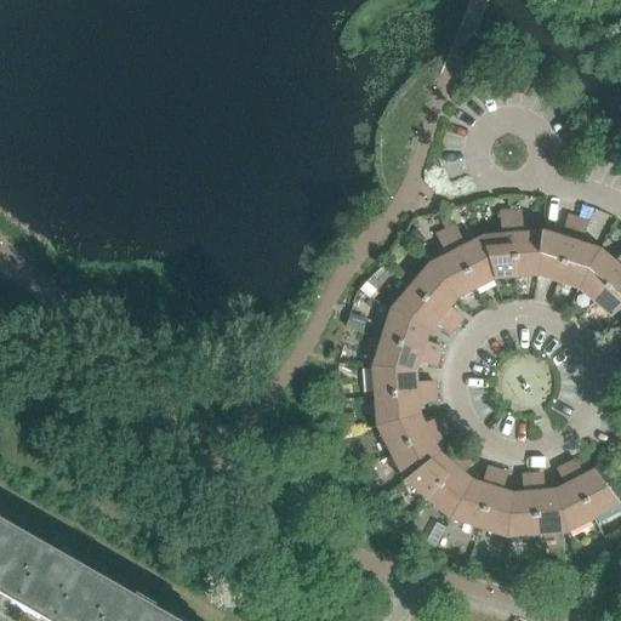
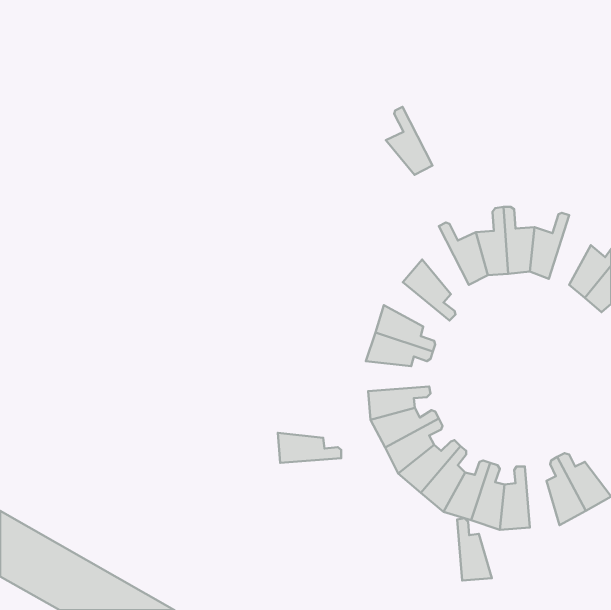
building: [557,218,599,289] -> none
building: [428,229,475,298] -> [386,107,432,175]
building: [389,286,456,332] -> none
building: [371,366,435,397] -> [278,433,341,463]
building: [532,472,568,535] -> [457,518,492,580]

